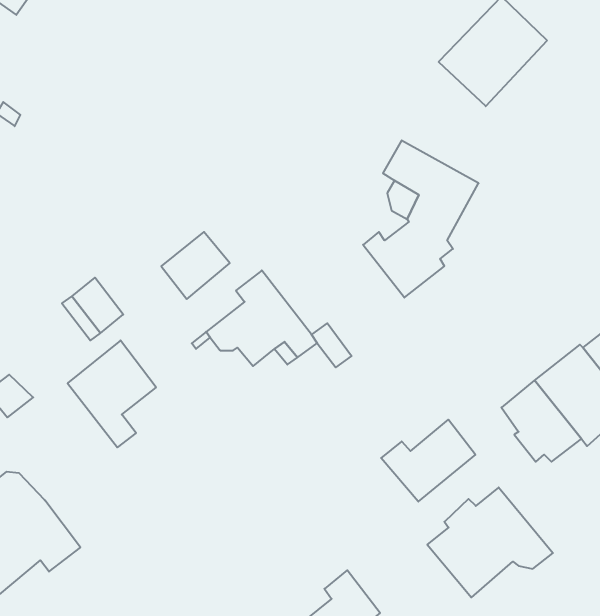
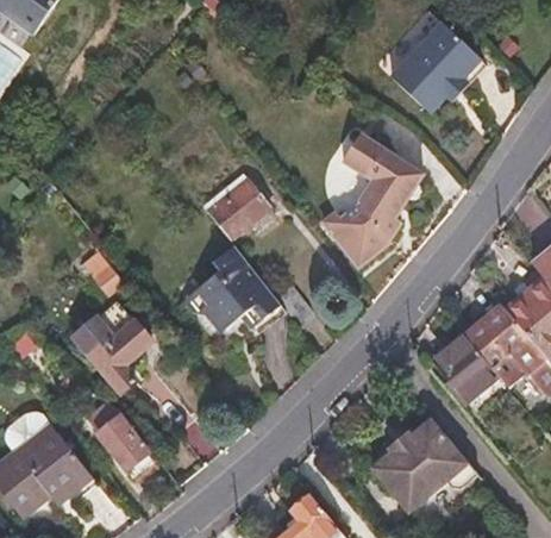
building: [161,232,230,299] -> [211,181,268,237]
building: [381,420,475,502] -> none
building: none -> [87,401,157,482]

